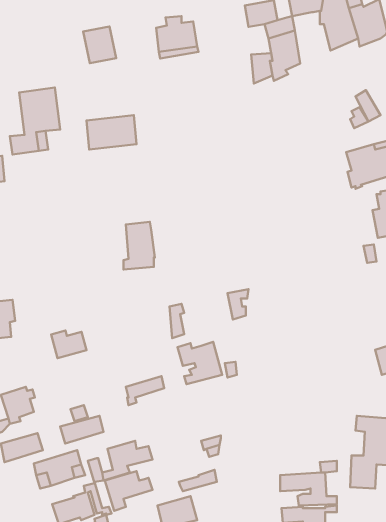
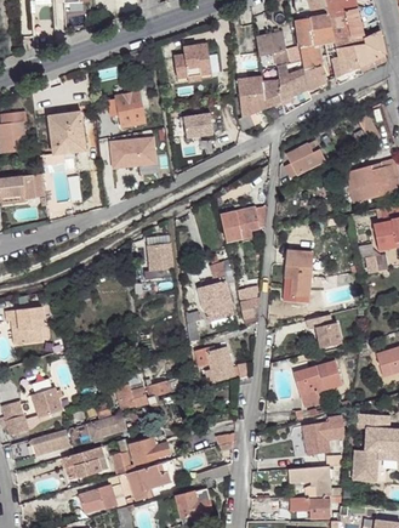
building: none -> [298,42,325,90]
building: [83,26,116,63] -> [114,92,144,126]
building: none -> [236,75,263,129]
building: none -> [183,113,212,138]
building: none -> [285,141,324,176]
building: none -> [218,206,264,243]
building: none -> [283,250,310,295]
building: none -> [198,260,234,327]
building: none -> [304,314,341,348]
building: [51,330,87,358] -> [114,385,147,410]
building: none -> [296,360,341,408]
building: none -> [300,414,346,455]

